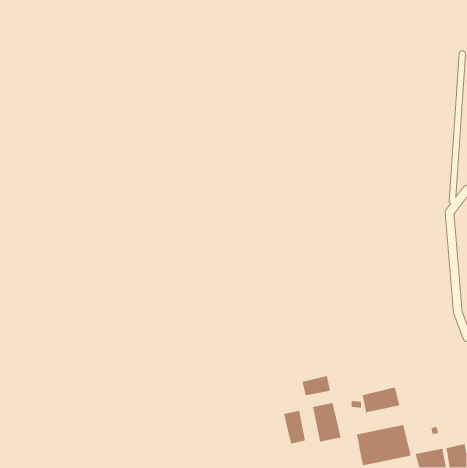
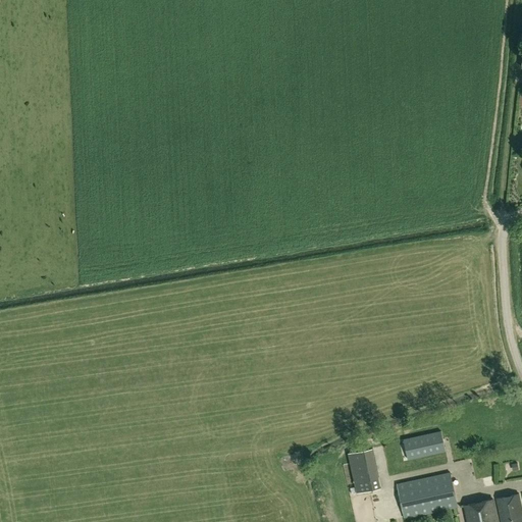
building: [301,375,331,396] -> none
building: [283,410,306,445] -> none

